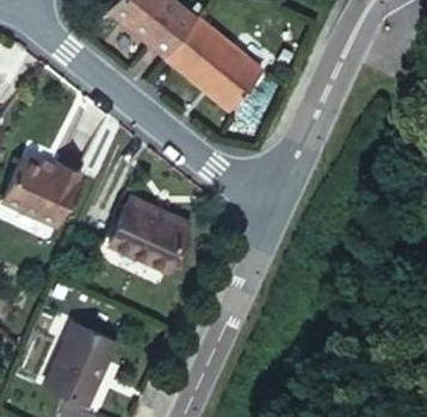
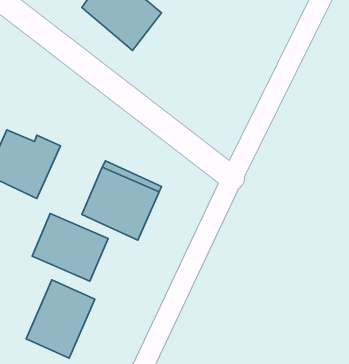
building: [163,18,265,118] -> none
building: none -> [32,213,108,281]

